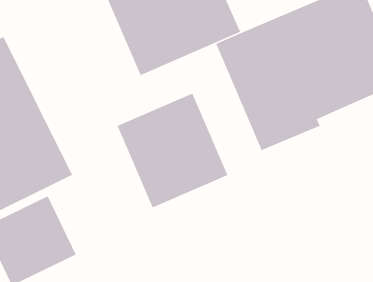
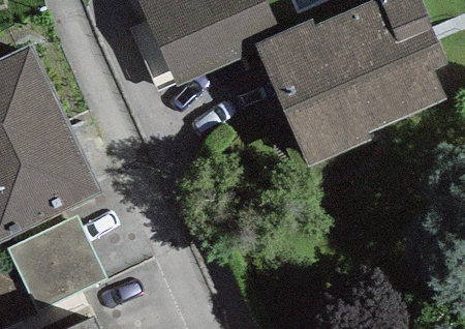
building: [117,93,229,208] -> none

